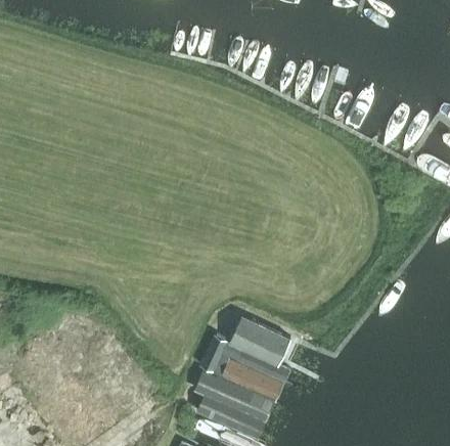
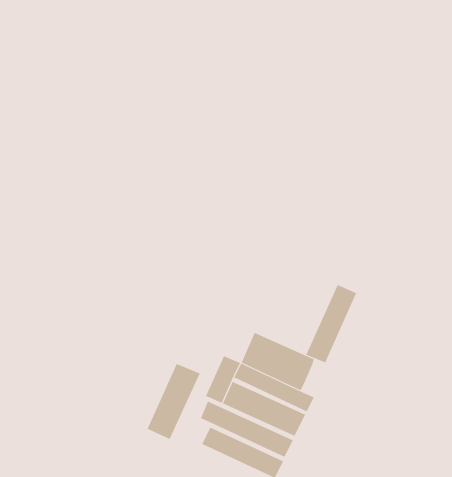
building: none -> [305,284,357,363]
building: none -> [147,363,200,440]

